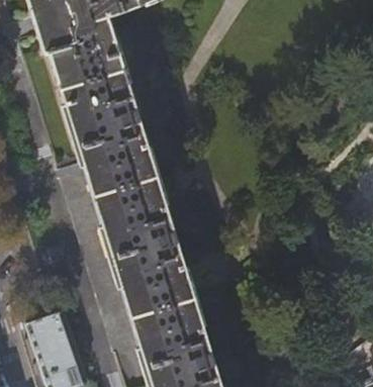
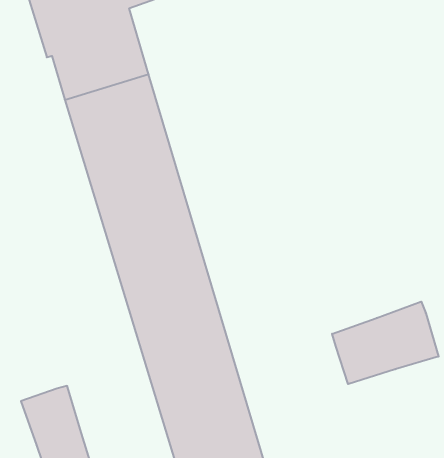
building: none -> [332,302,439,384]

